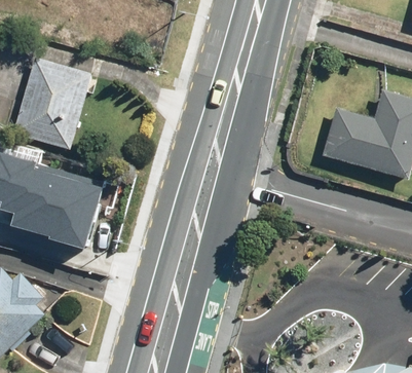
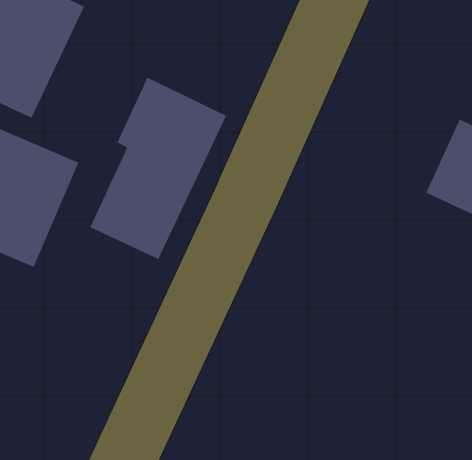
building: none -> [89,77,227,260]

